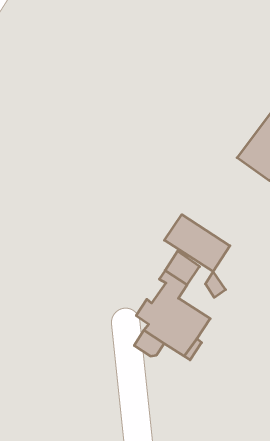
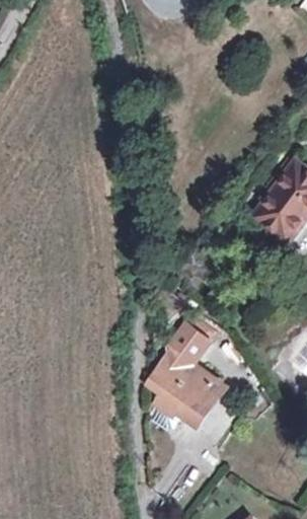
building: [164,215,230,271] -> none

